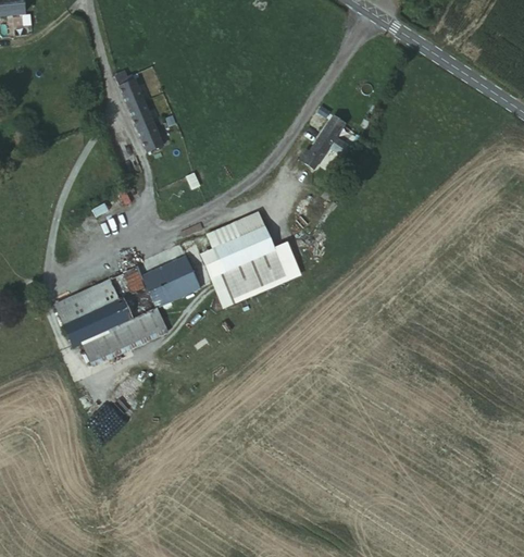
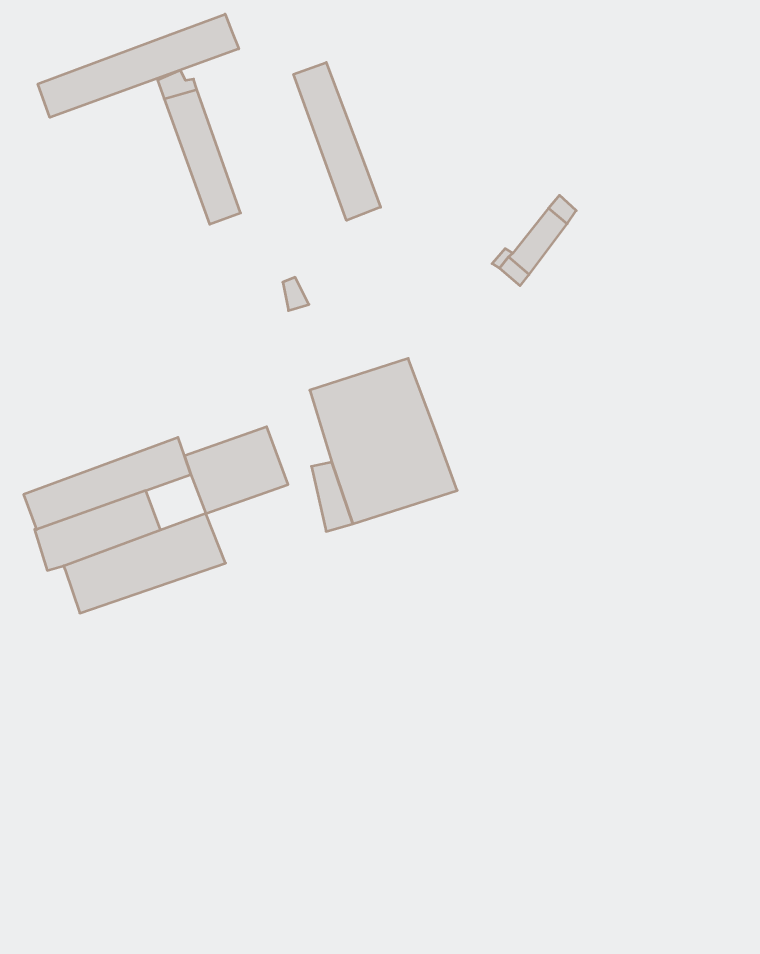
building: none -> [38,14,239,117]
building: none -> [294,62,381,220]
building: [122,284,155,315] -> none

